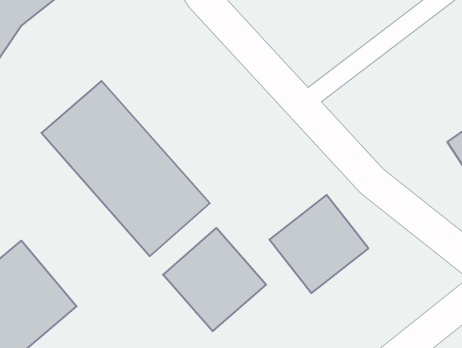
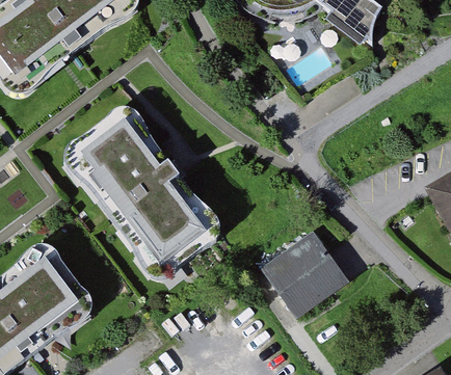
building: [163,228,266,331] -> none

